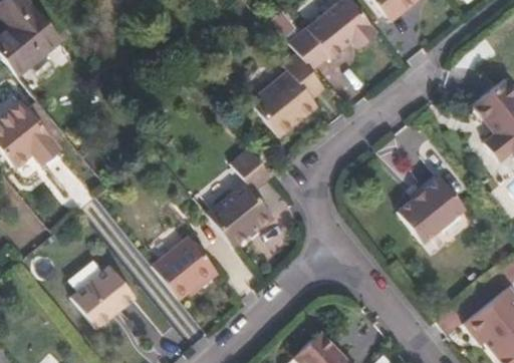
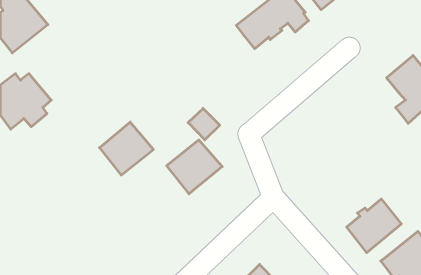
building: [249,54,325,137] -> none
building: [397,179,463,245] -> [347,199,401,253]
building: [153,235,218,299] -> [99,122,153,175]
building: [72,267,137,330] -> none

